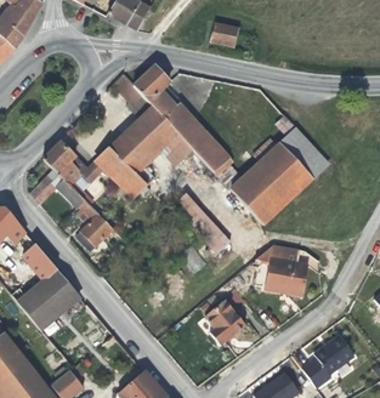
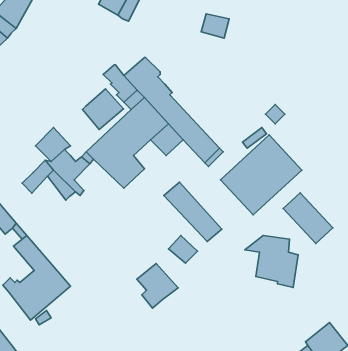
building: none -> [83,89,123,129]
building: [278,129,328,180] -> [283,193,333,244]
building: [75,201,114,251] -> none
building: [204,301,245,346] -> [137,264,178,308]

